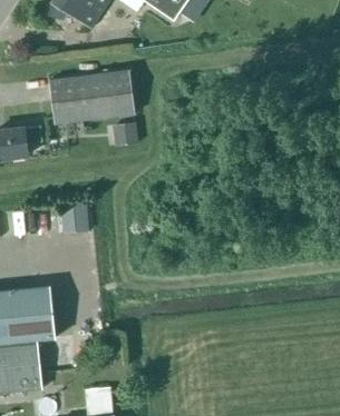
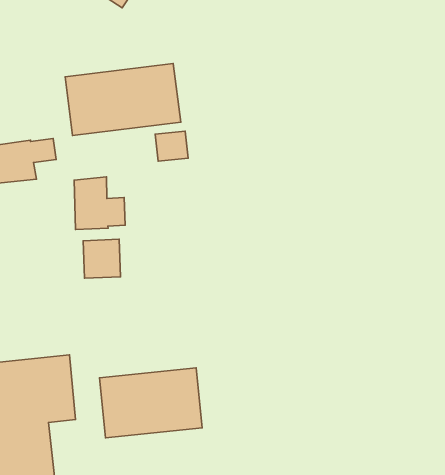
building: none -> [74,177,125,229]
building: none -> [100,368,202,438]

